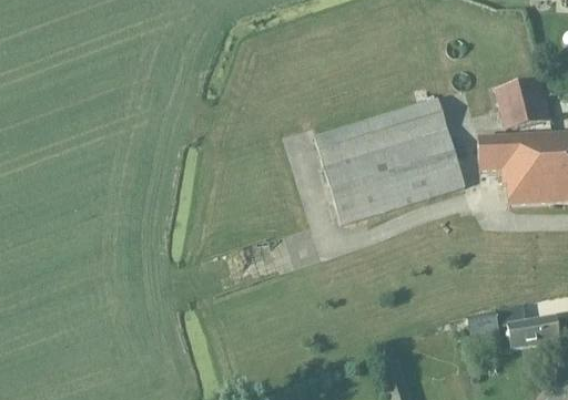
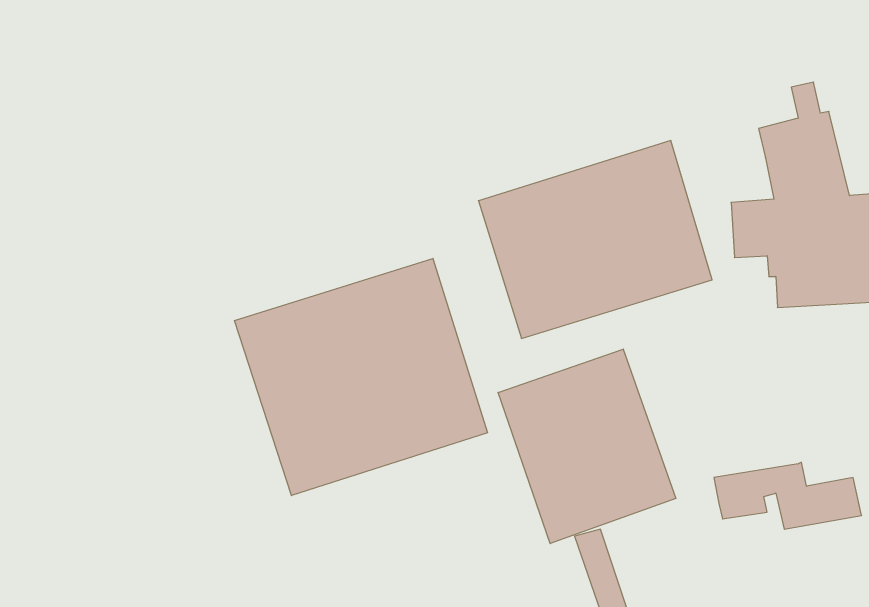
building: none -> [234,258,487,496]
building: none -> [498,349,676,544]

